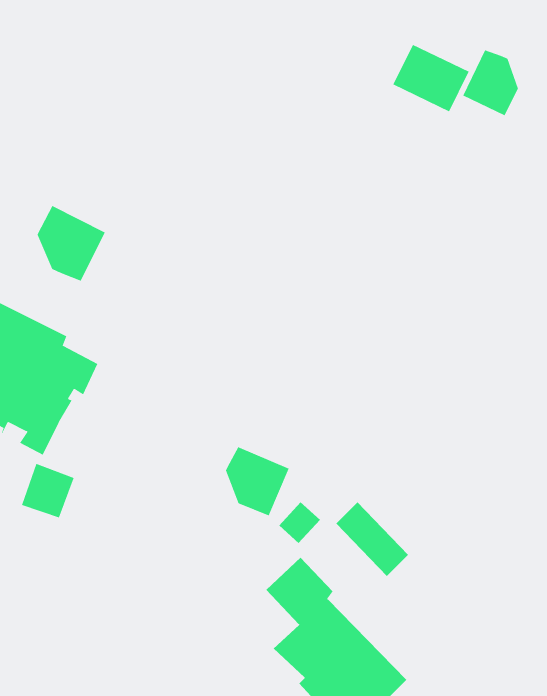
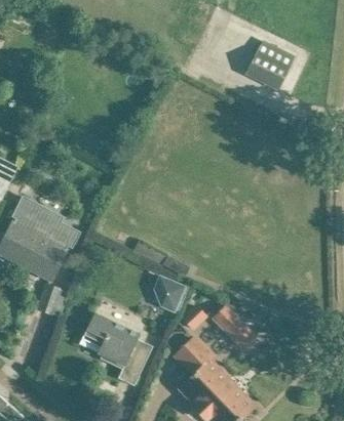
building: [463,49,519,116] -> none
building: [37,205,106,282] -> none
building: none -> [81,313,152,386]

